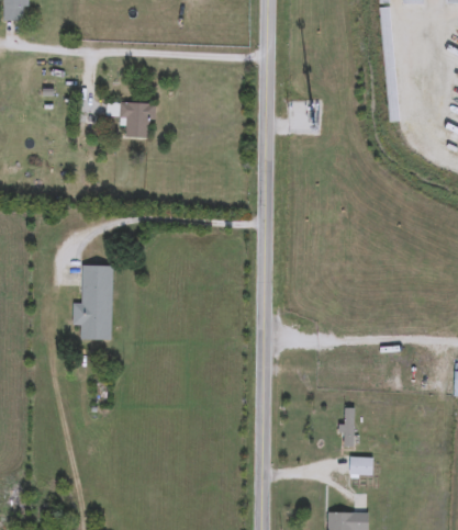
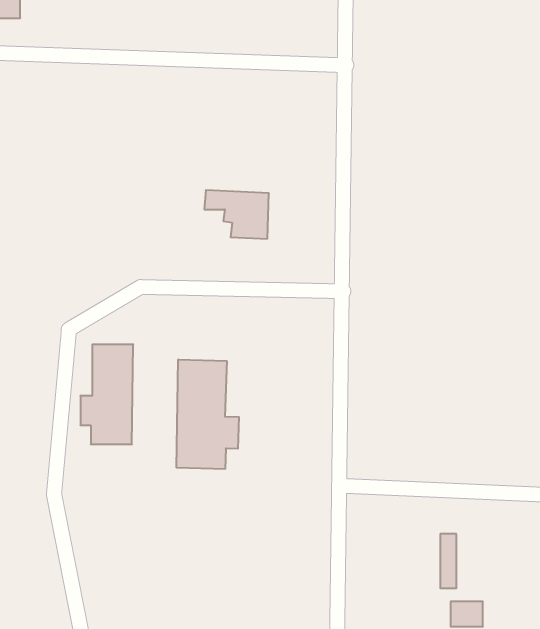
building: [104,101,153,137] -> [204,190,269,239]
building: none -> [177,359,239,469]

